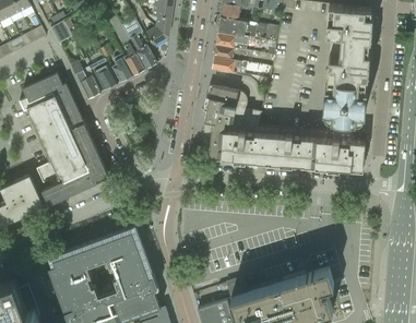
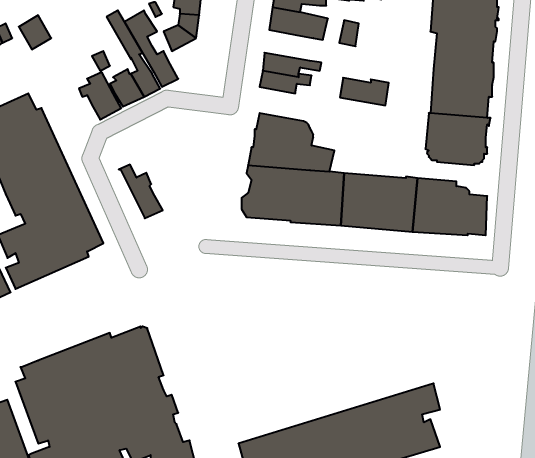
building: [215,33,248,51] -> [340,78,389,105]
building: [71,62,100,98] -> [119,165,163,218]

